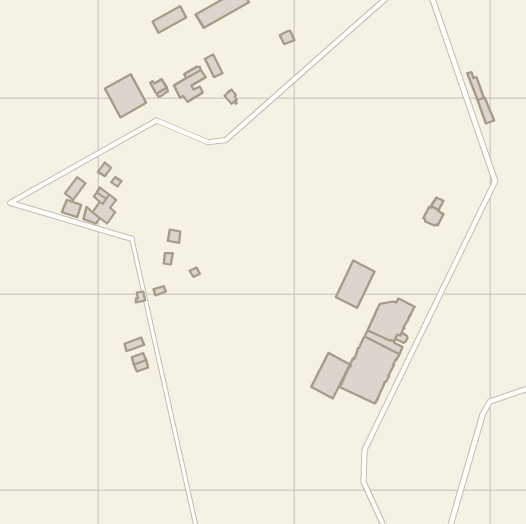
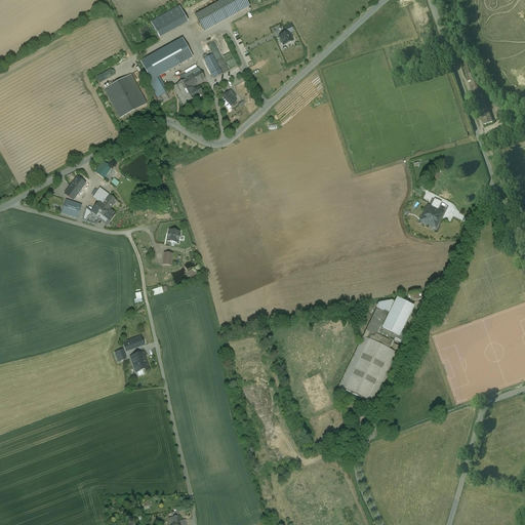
building: none -> [140,38,193,79]
building: [336,261,375,308] -> none
building: [311,353,350,399] -> none

